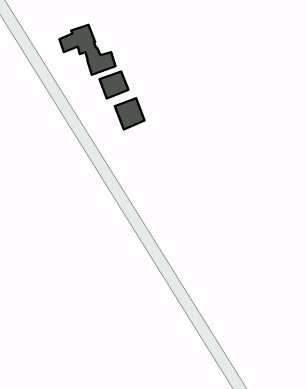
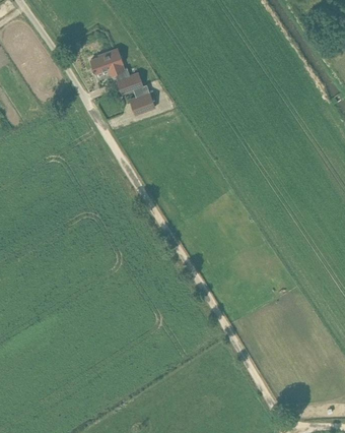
building: [115,98,144,129] -> none

